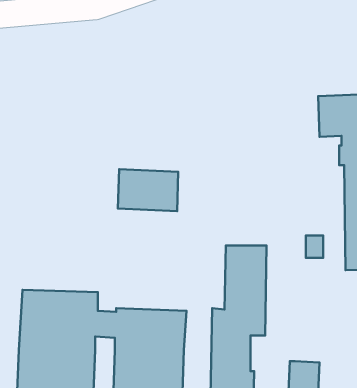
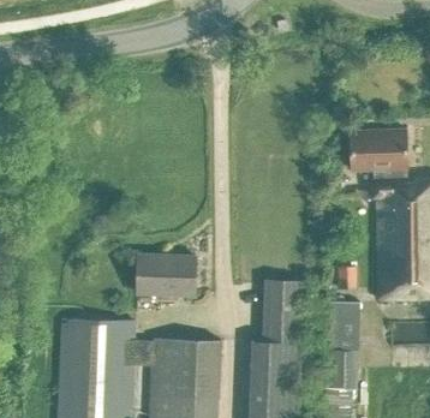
building: [118,169,178,211] -> [137,255,196,295]
building: none -> [327,301,359,389]

